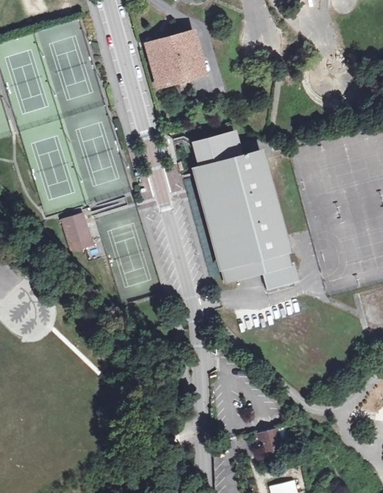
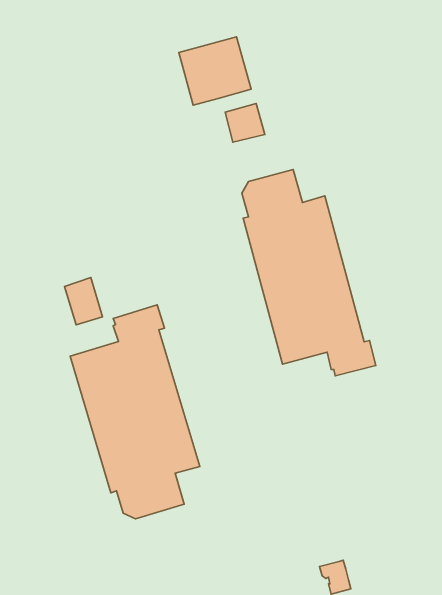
building: none -> [225,104,265,142]
building: none -> [70,305,200,519]

